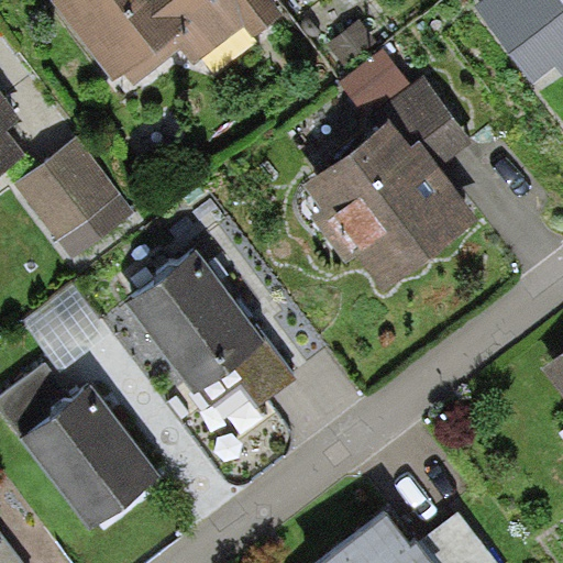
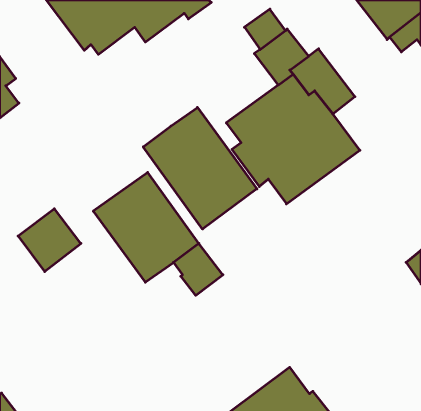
building: [14,140,135,264] -> none
building: none -> [143,107,257,229]
building: [18,380,159,527] -> none

